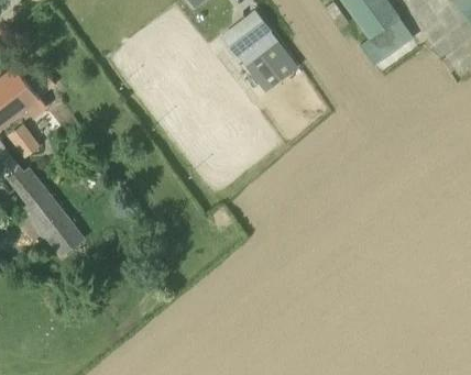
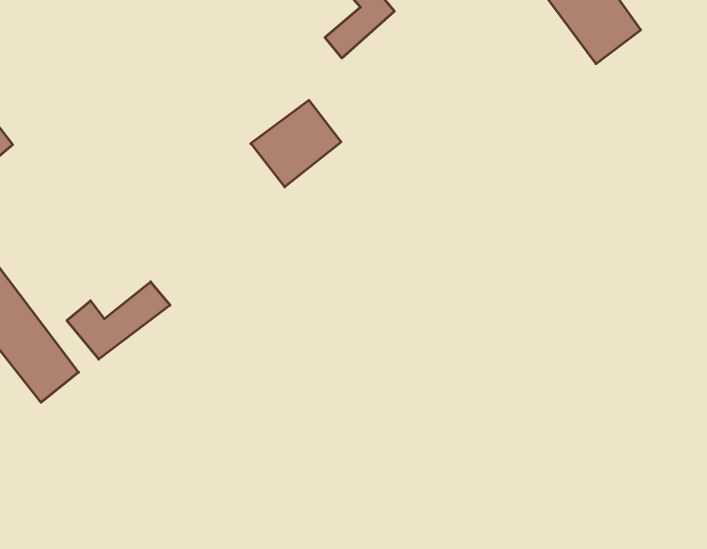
building: [245,43,298,93] -> [251,100,341,187]
building: none -> [67,282,170,359]

